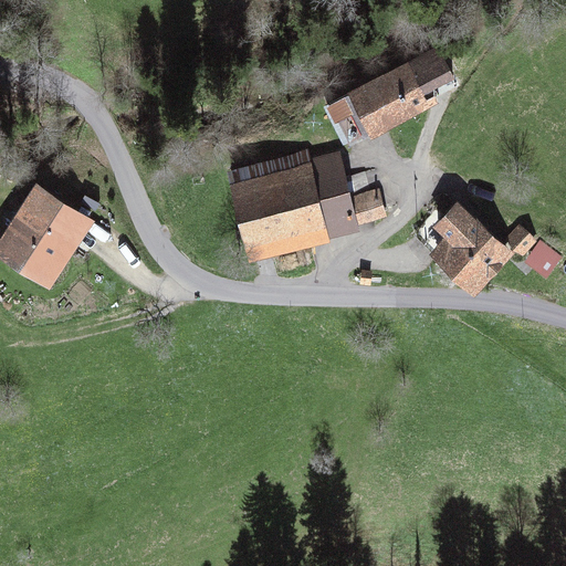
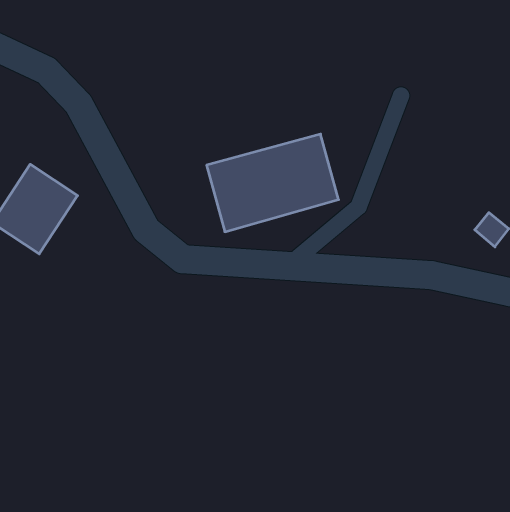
building: [325,52,448,149] -> none
building: [432,210,518,296] -> none

